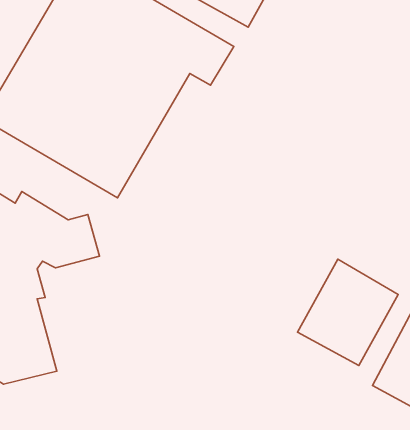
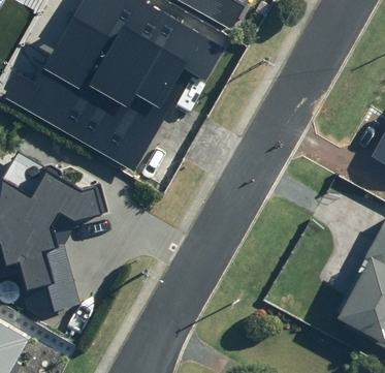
building: [298,259,398,365] -> none

